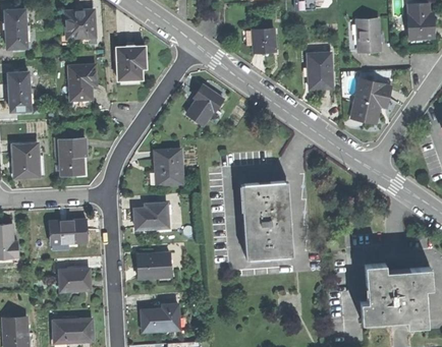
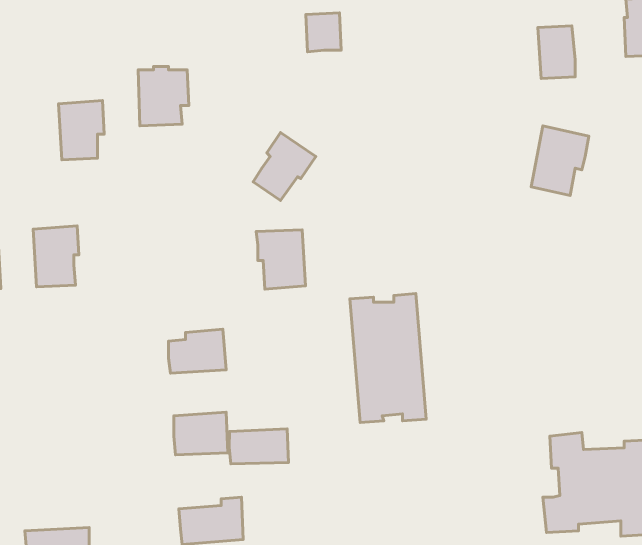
building: [66,10,96,38] -> none
building: [255,28,276,52] -> [306,13,341,52]
building: [307,53,333,88] -> none
building: [155,149,184,184] -> [256,230,305,289]
building: [45,221,82,251] -> none
building: none -> [229,429,289,464]
building: [55,270,86,293] -> none

